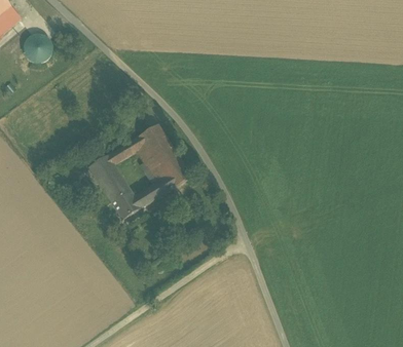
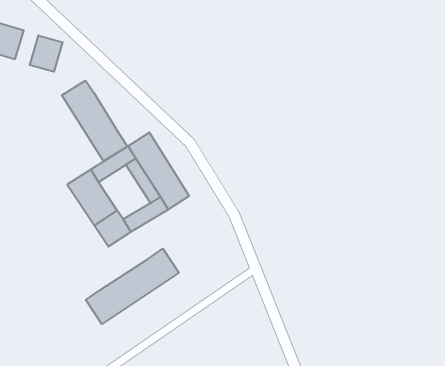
building: none -> [30,35,63,72]
building: none -> [62,81,128,161]
building: none -> [86,249,179,324]

